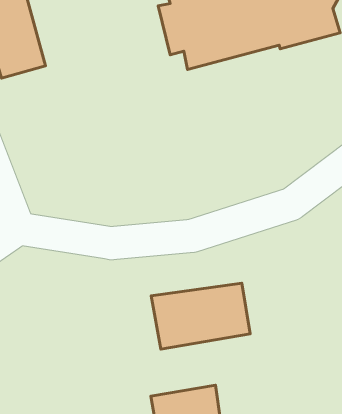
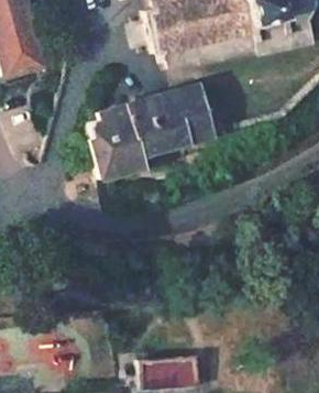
building: none -> [88,85,212,175]
building: [151,283,250,349] -> none

